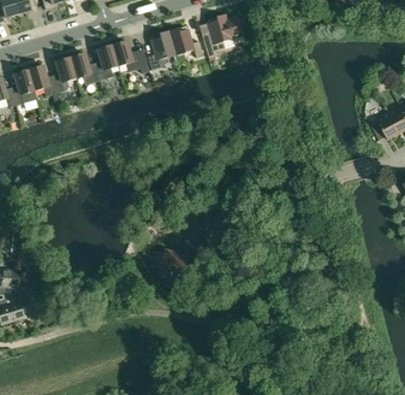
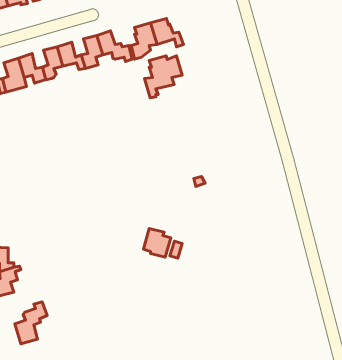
building: [202,14,242,59] -> [145,56,182,98]
building: none -> [15,302,47,344]

